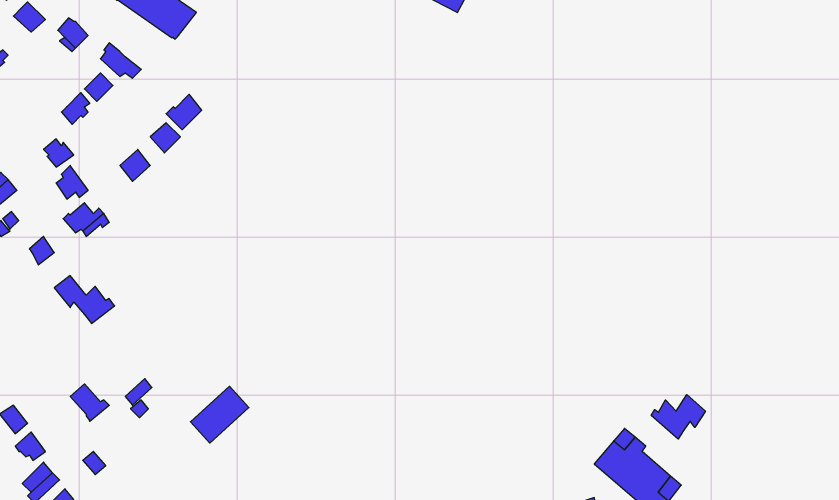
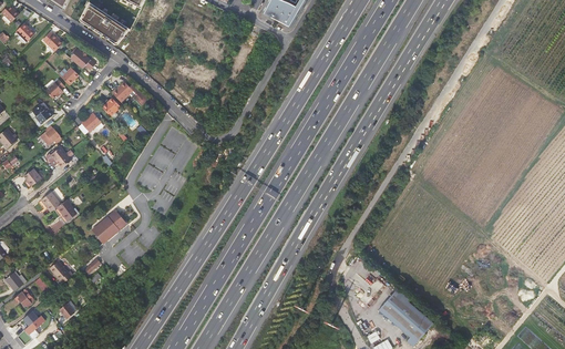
building: [190,386,249,443] -> [93,209,130,245]
building: [651,395,705,439] -> none

